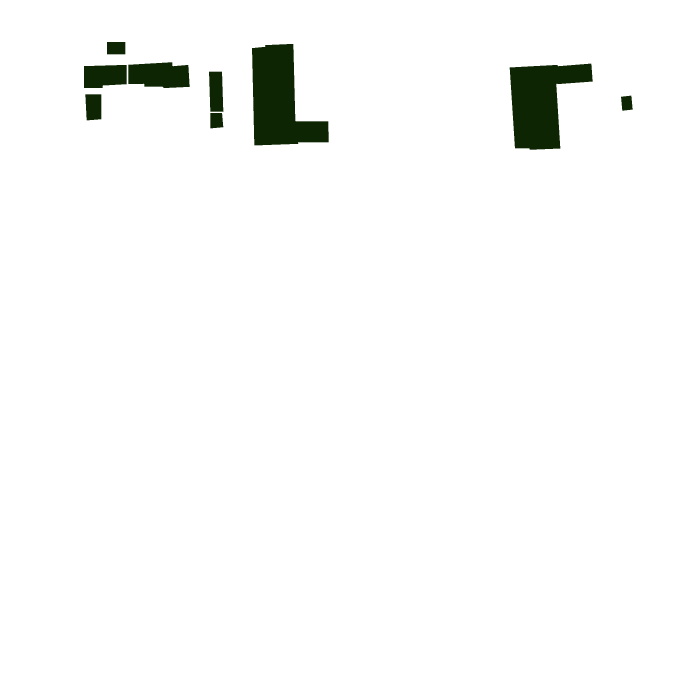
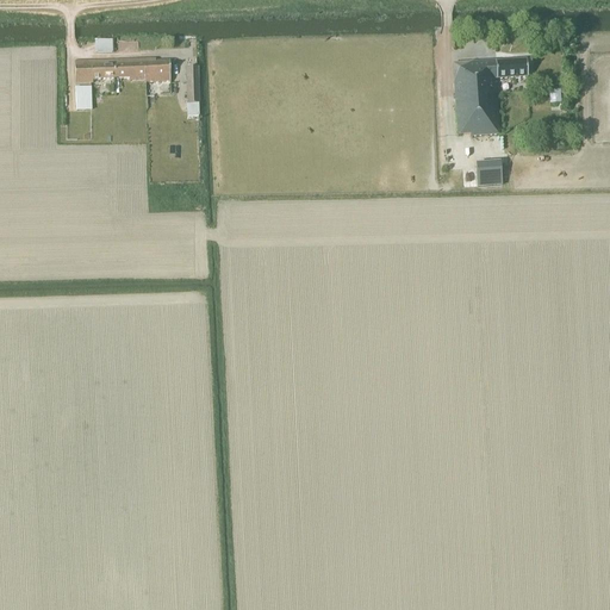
building: [251,43,329,146] -> none
building: none -> [477,163,502,187]

